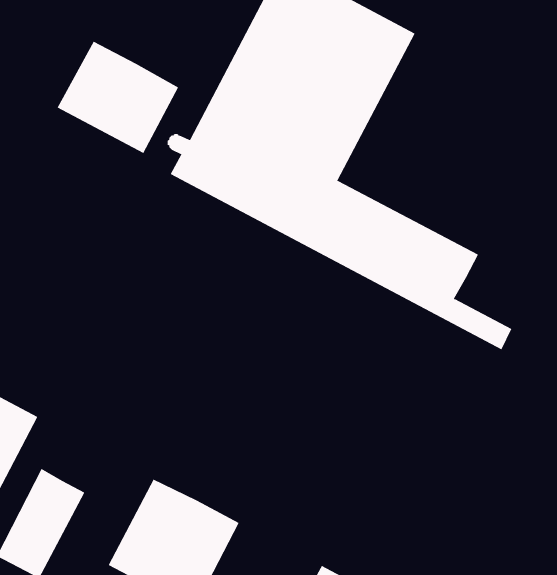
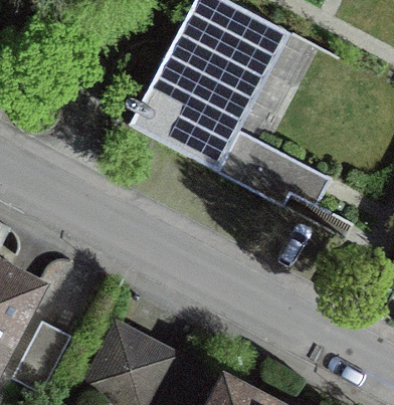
building: [57,41,179,154] -> none

